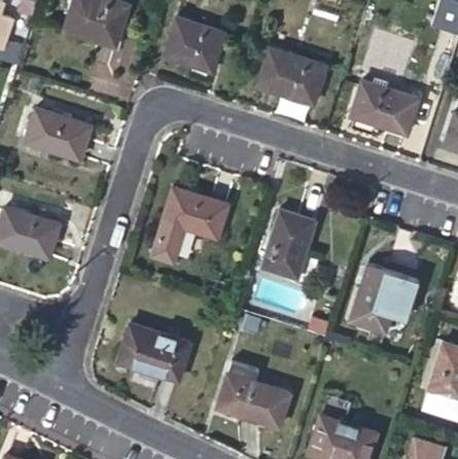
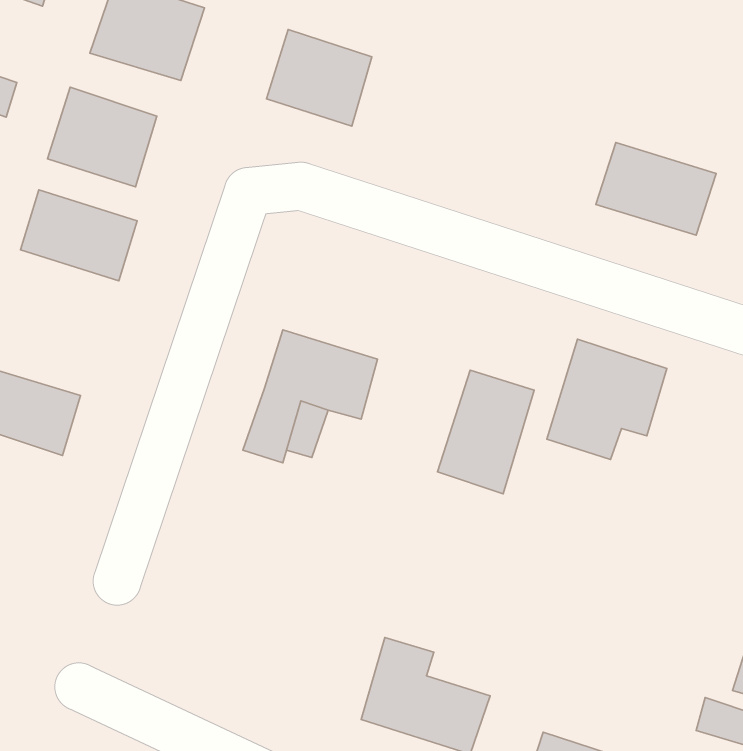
building: [258,48,326,104] -> none
building: none -> [48,87,157,187]
building: [351,264,419,332] -> [547,339,667,459]
building: [118,324,190,381] -> none

